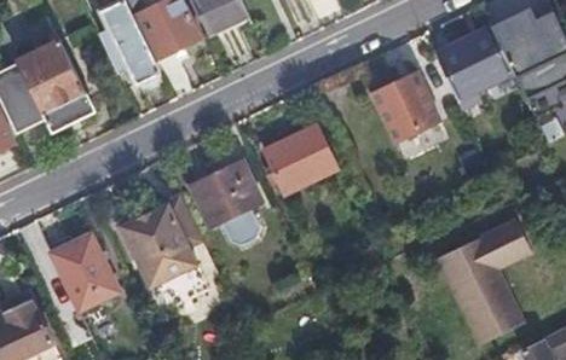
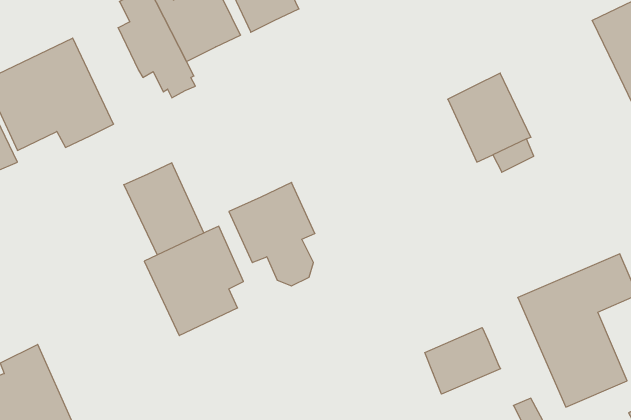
building: [434,25,514,110] -> none
building: [262,123,337,193] -> none
building: [51,233,117,309] -> [124,163,204,255]
building: none -> [425,328,501,394]

